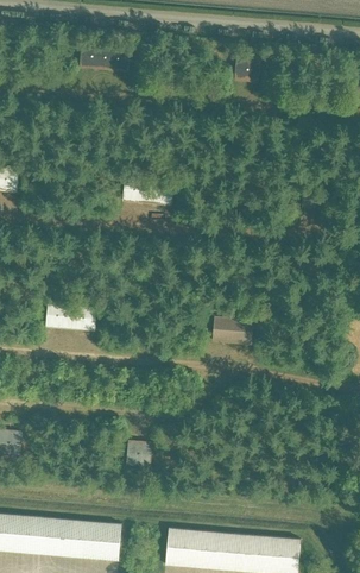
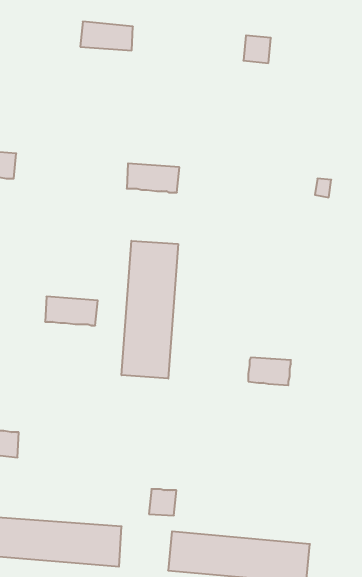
building: none -> [122,241,178,379]
building: [213,319,253,345] -> [248,358,291,385]
building: [126,442,152,467] -> [149,489,176,515]

